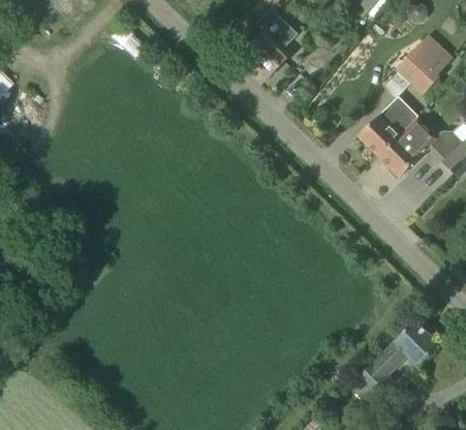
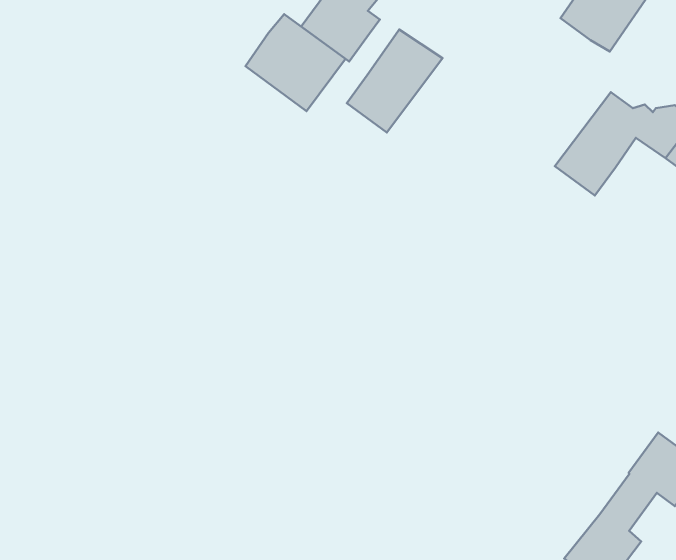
building: none -> [245,14,346,111]
building: [359,96,418,155] -> [347,30,443,133]

